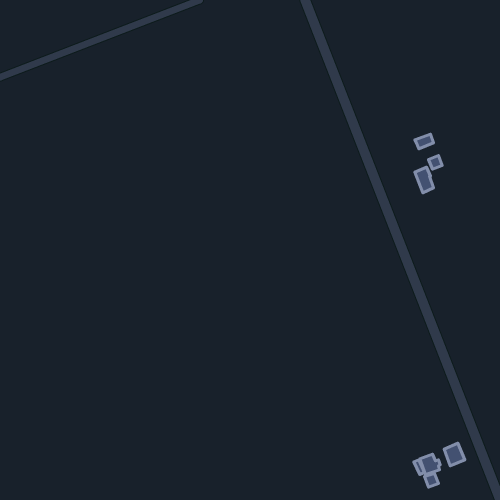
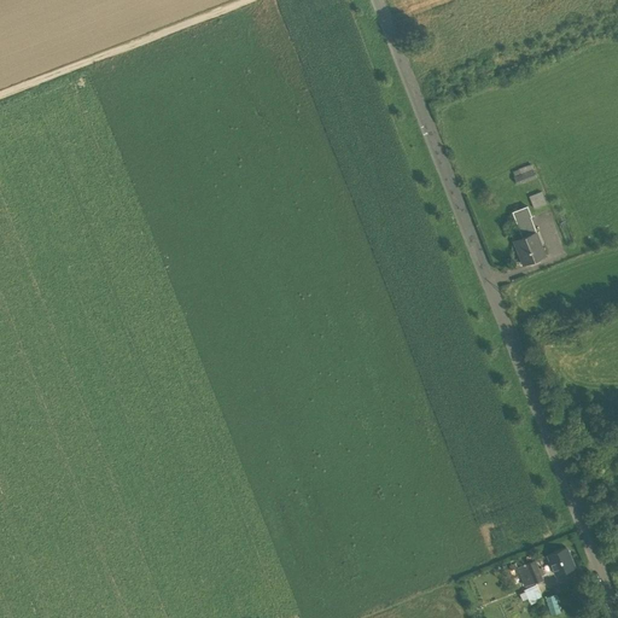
building: none -> [513,232,544,266]

